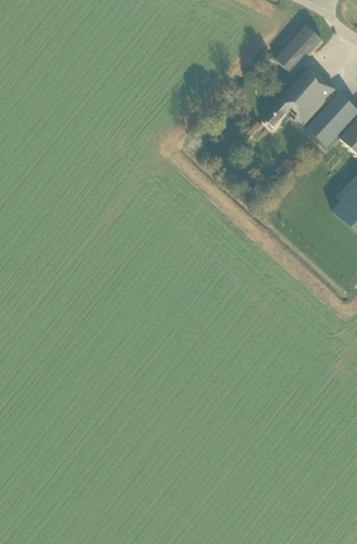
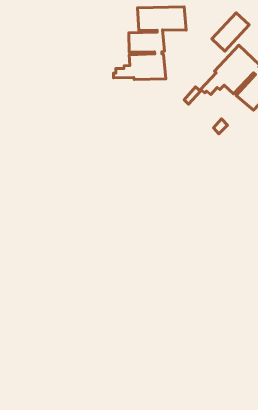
building: none -> [113,7,186,79]

